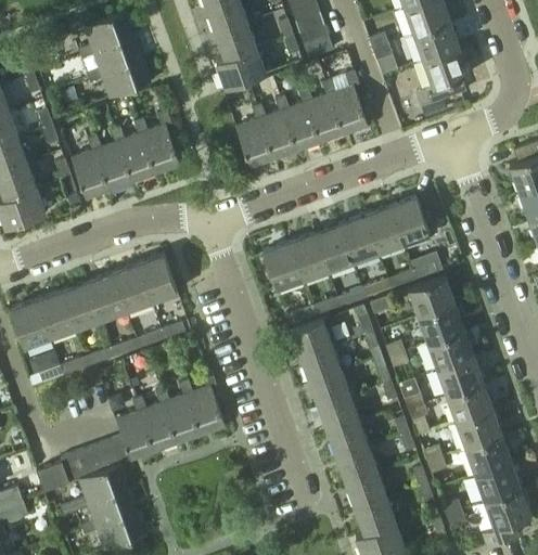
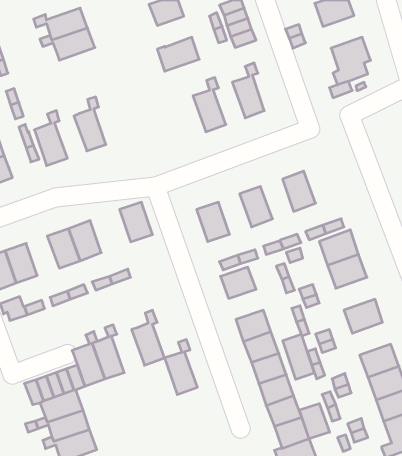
building: [412,22,459,61] -> none
building: [216,23,257,60] -> none
building: [86,60,150,99] -> none
building: [329,70,368,134] -> none
building: [282,87,320,151] -> none
building: [234,104,273,168] -> none
building: [141,109,180,175] -> none
building: [94,127,132,191] -> none
building: [389,197,430,244] -> none
building: [338,216,377,262] -> none
building: [289,233,328,281] -> none
building: [137,256,176,302] -> [120,202,153,242]
building: [61,283,100,330] -> none
building: [427,332,474,371] -> none
building: [300,346,342,382] -> none
building: [162,379,201,444] -> [165,340,197,395]
building: [447,385,492,424] -> none
building: none -> [283,334,314,379]
building: [36,463,68,492] -> none
building: none -> [300,404,330,439]

